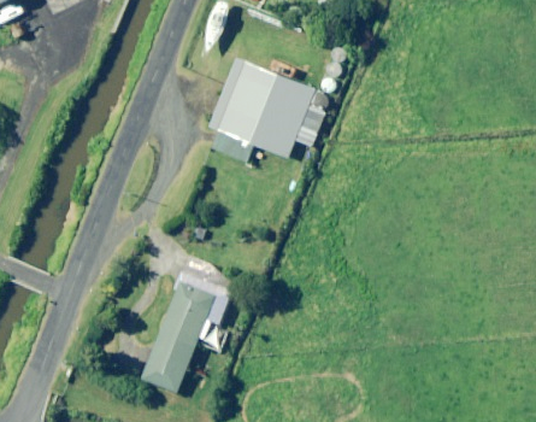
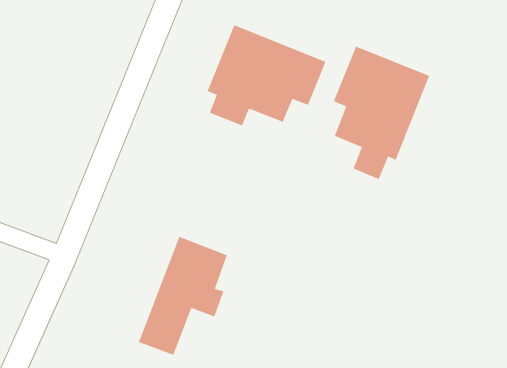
building: none -> [333,45,430,180]

